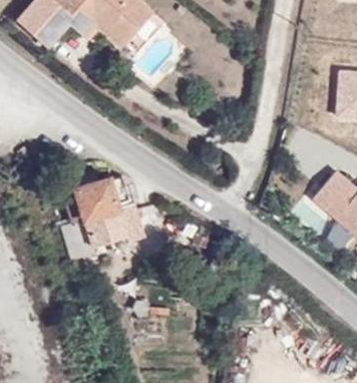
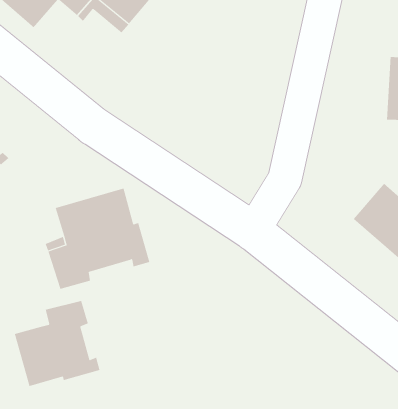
building: none -> [14,300,100,387]

